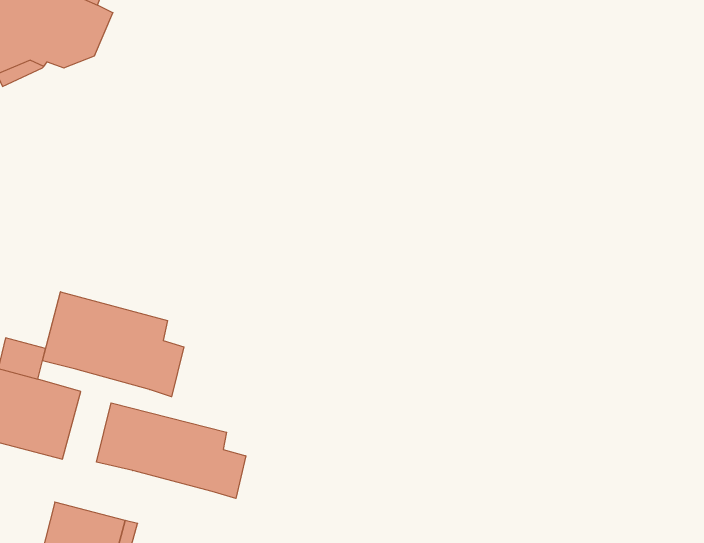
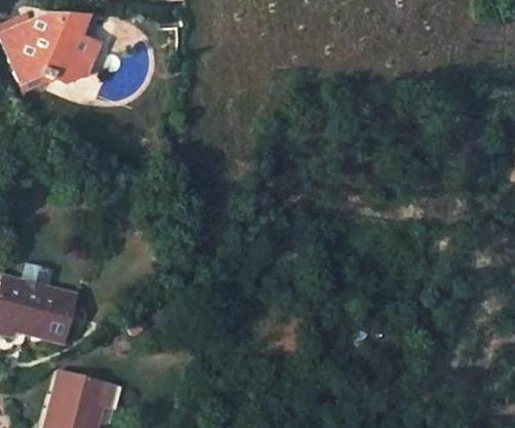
building: [43,292,184,397] -> none
building: [97,403,246,498] -> none

